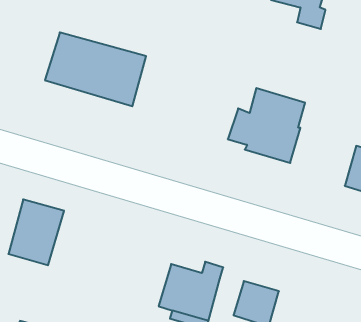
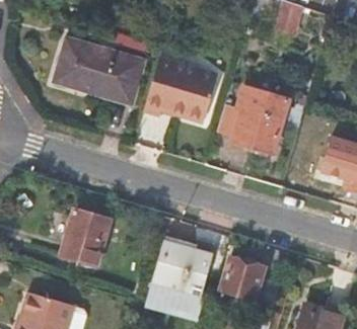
building: none -> [144,59,216,116]
building: [8,199,64,265] -> [61,209,111,267]

